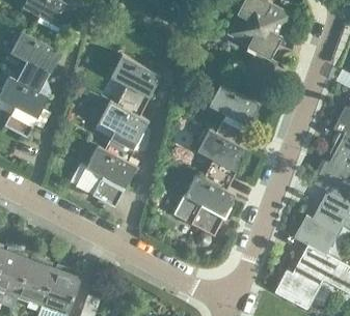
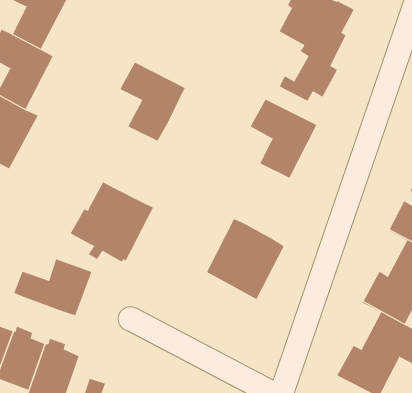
building: [98,100,147,162] -> none
building: [196,128,246,190] -> none
building: none -> [13,259,92,316]

